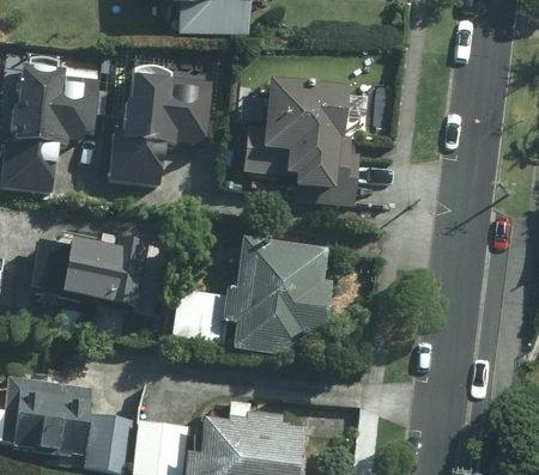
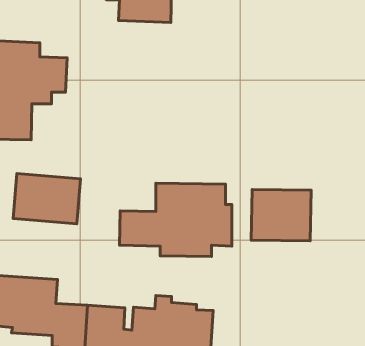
building: [114,63,211,188] -> none
building: [243,84,359,202] -> none
building: none -> [251,190,311,241]

